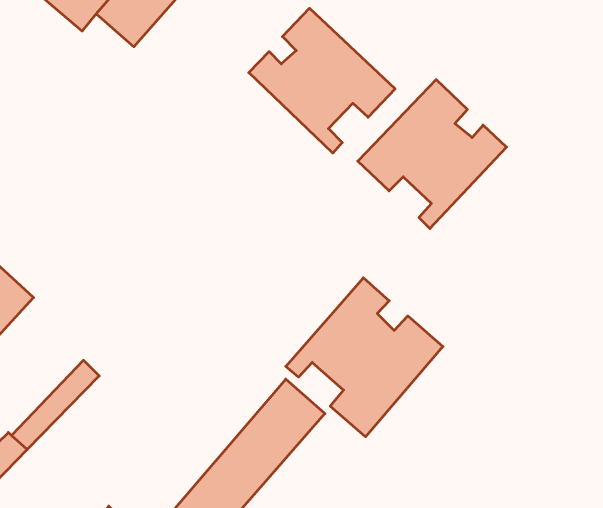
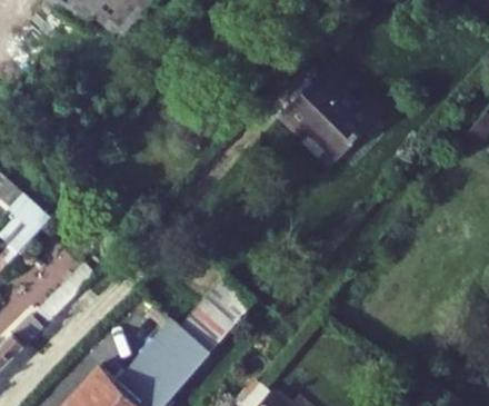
building: [249,8,395,153] -> none
building: [286,278,443,437] -> none

